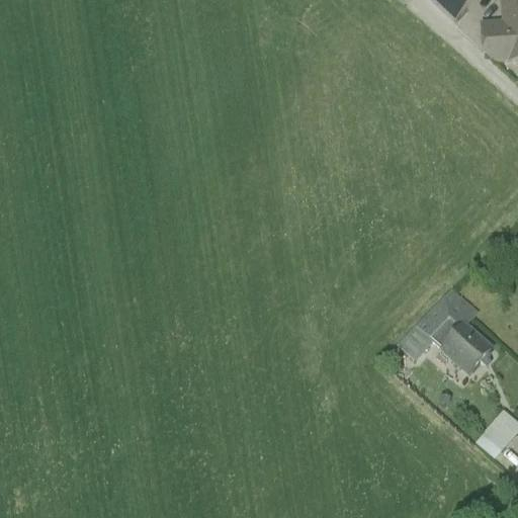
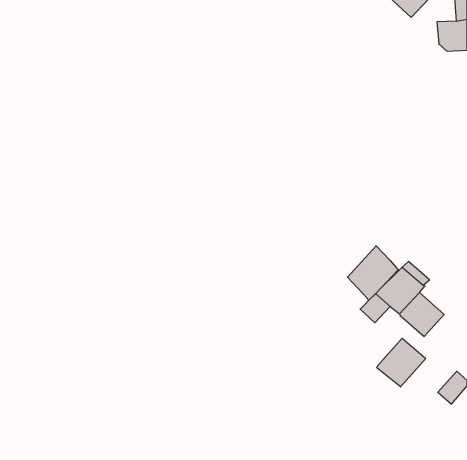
building: none -> [347,246,398,300]
building: none -> [377,338,426,387]

